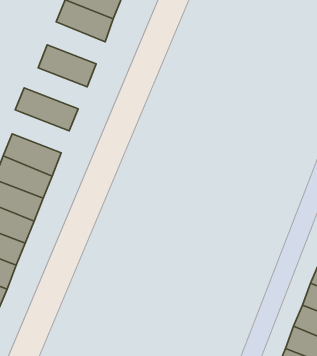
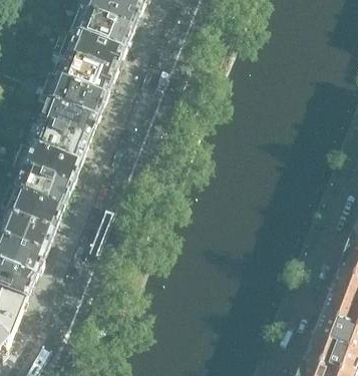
building: none -> [66,30,124,72]
building: none -> [48,76,106,117]
building: none -> [31,120,88,161]

